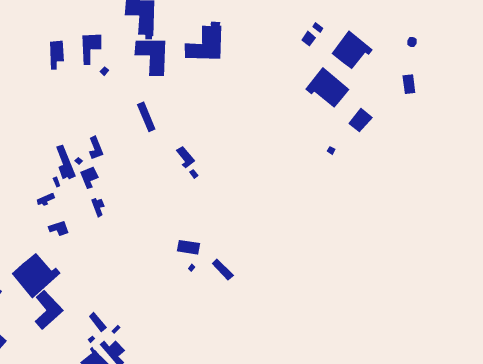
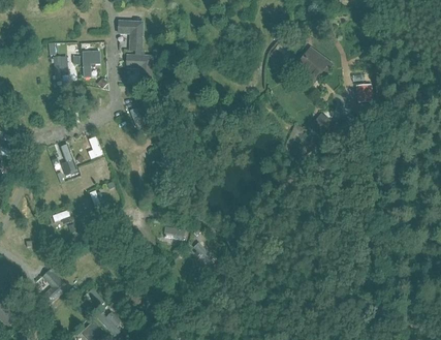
building: [184,21,222,60] -> none
building: [304,66,350,109] -> none
building: [11,252,61,299] -> none

